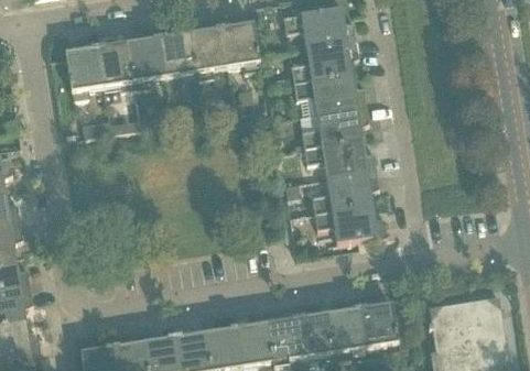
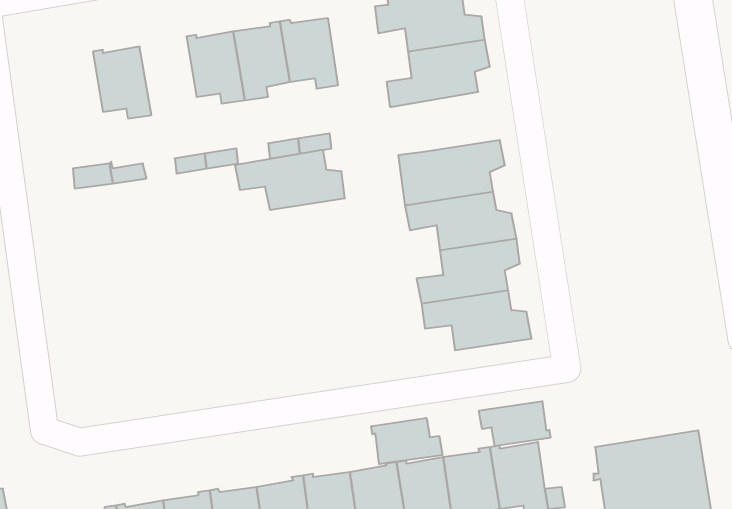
building: [126,33,163,85] -> none
building: [64,43,101,95] -> none
building: [291,69,364,109] -> [235,150,345,210]
building: none -> [479,401,550,446]
building: none -> [371,418,442,464]

